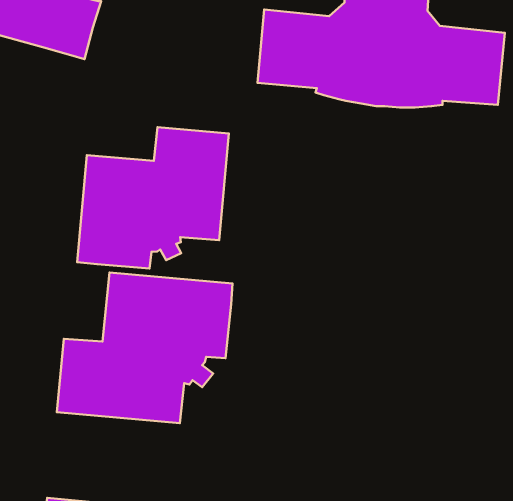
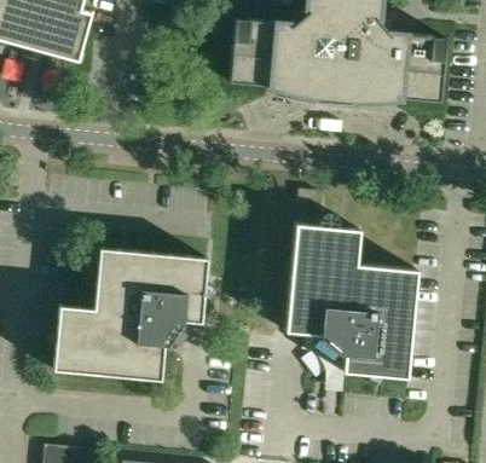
building: [77,127,229,268] -> none
building: none -> [287,224,418,378]

